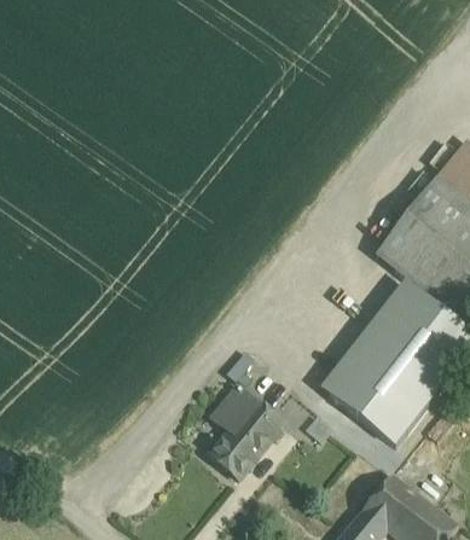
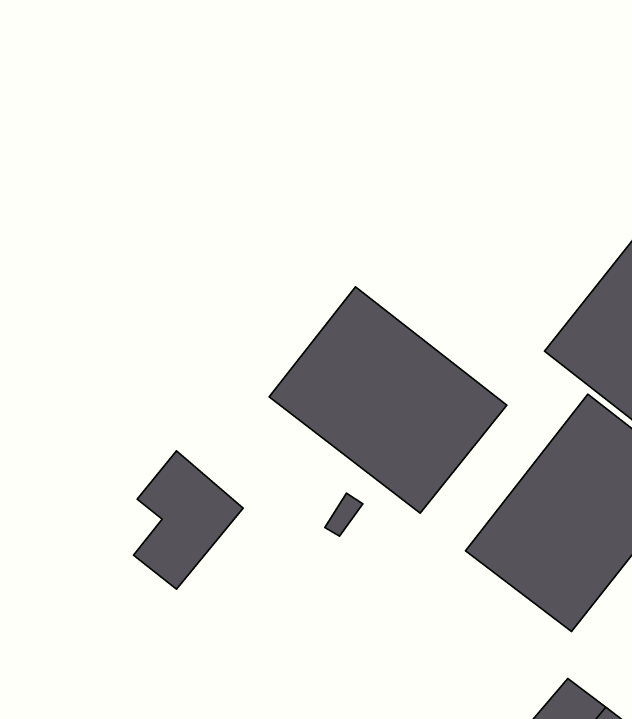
building: none -> [269,287,507,513]
building: [209,383,283,476] -> [133,451,243,589]

